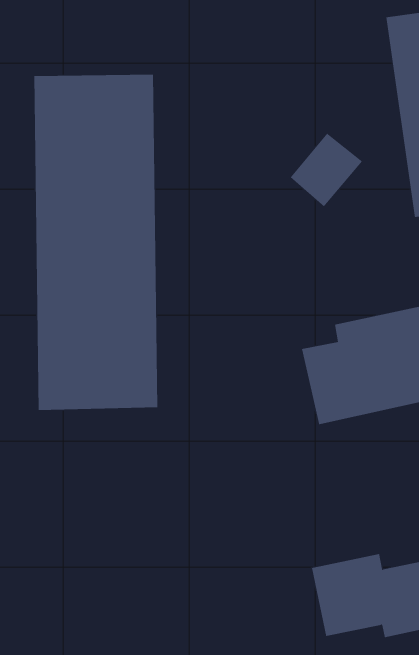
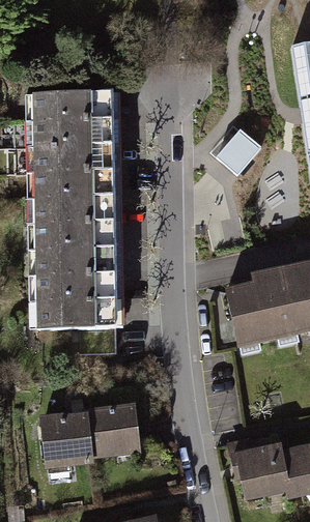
building: none -> [43,401,138,470]

